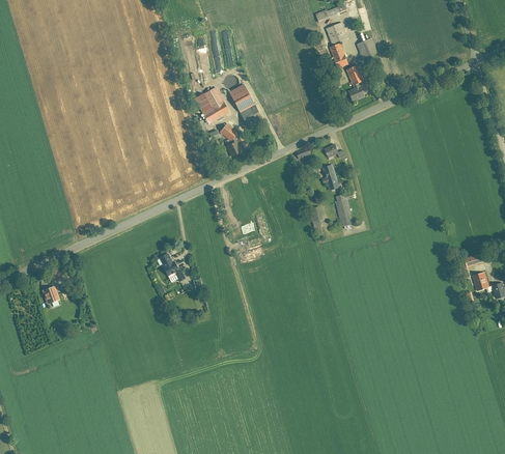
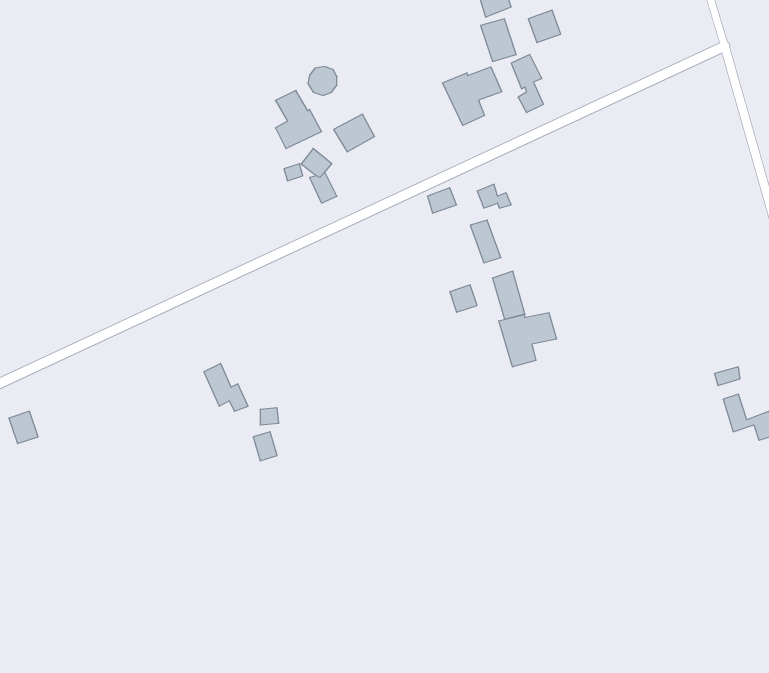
building: none -> [443,67,502,125]
building: none -> [499,313,556,367]

